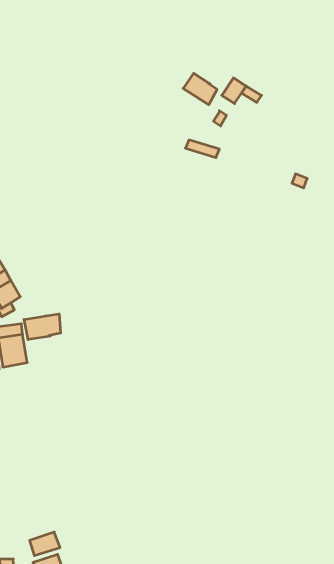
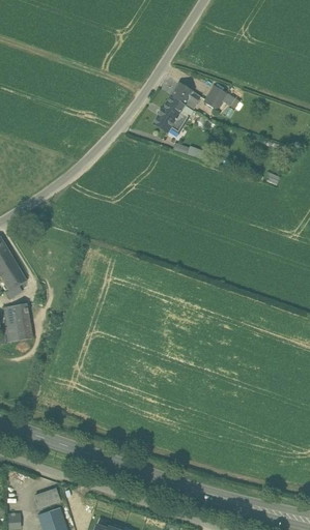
building: none -> [152,95,193,132]
building: [24,314,61,340] -> none

